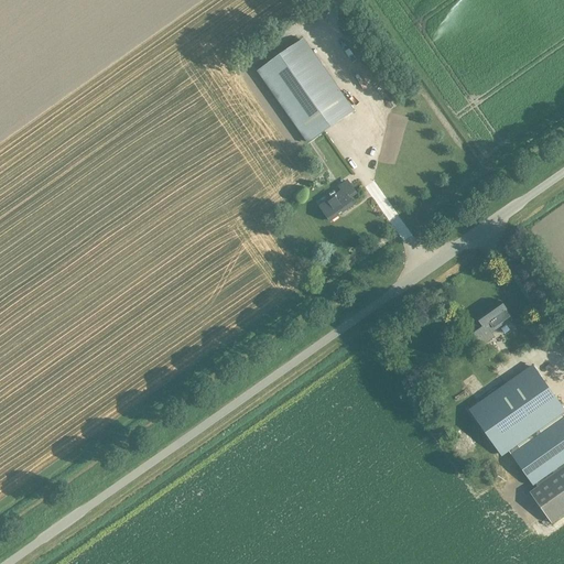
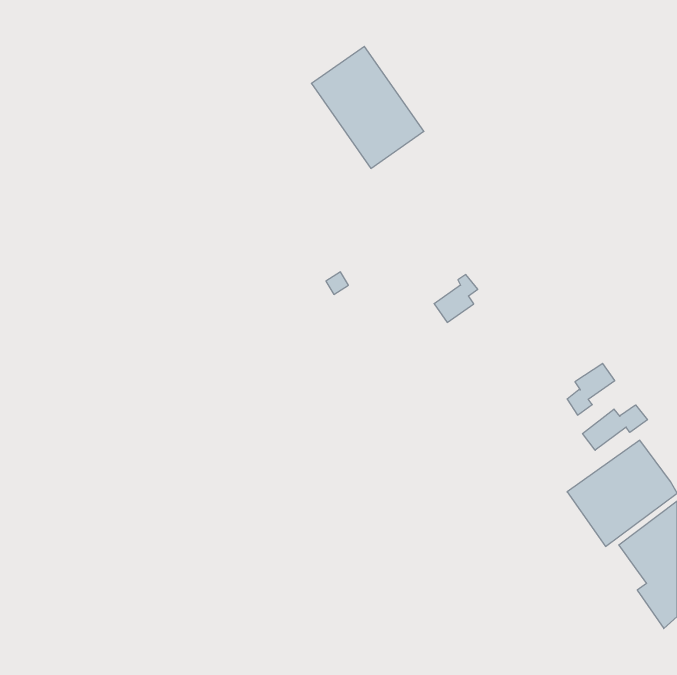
building: [319,180,356,219] -> [434,275,478,322]
building: none -> [583,405,647,450]

